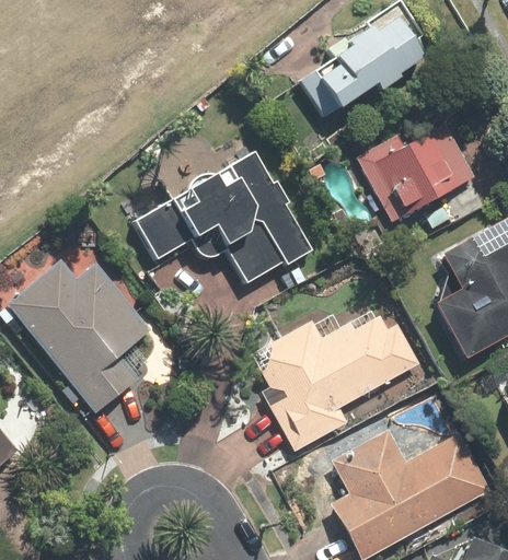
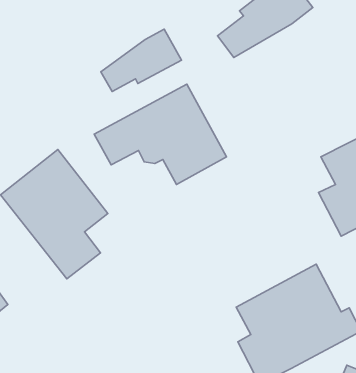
building: none -> [101,29,181,91]
building: [356,112,476,224] -> none
building: [256,313,424,458] -> none

